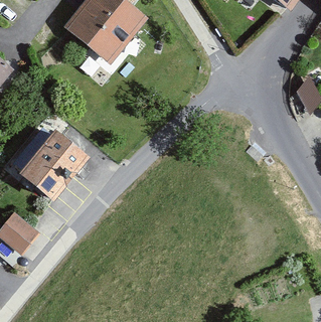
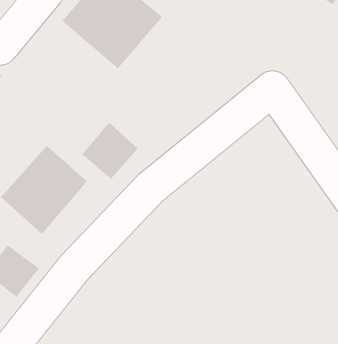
building: none -> [82,122,139,180]

